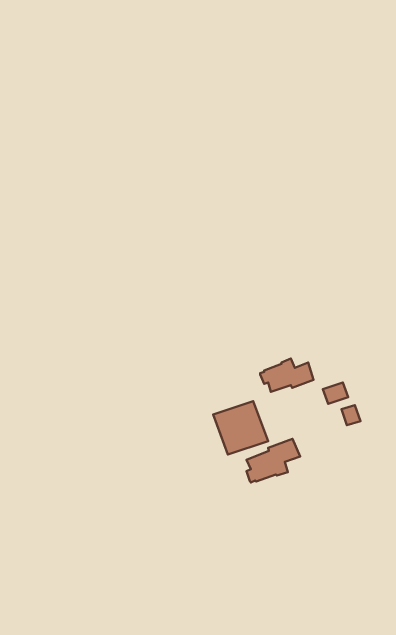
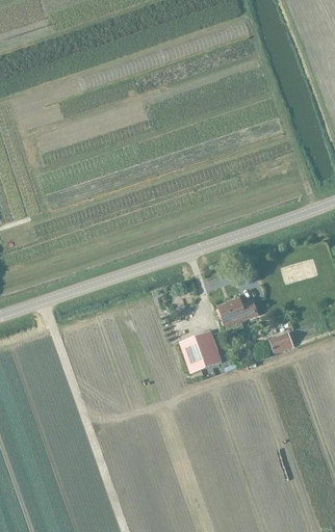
building: [247,439,300,482] -> none

